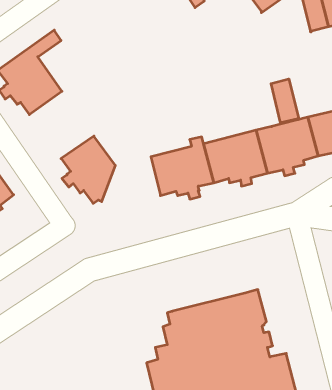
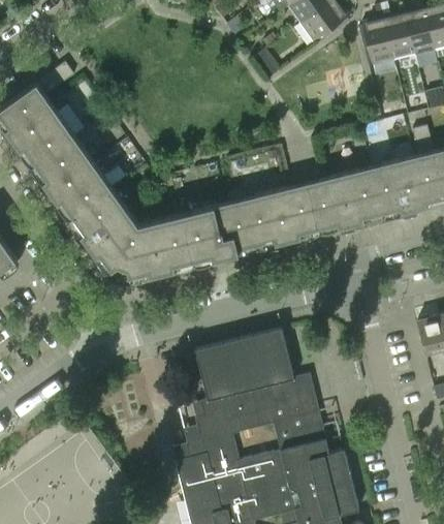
building: [271,79,299,123] -> none
building: none -> [35,137,113,218]
building: none -> [122,216,192,282]
building: none -> [195,331,293,401]

